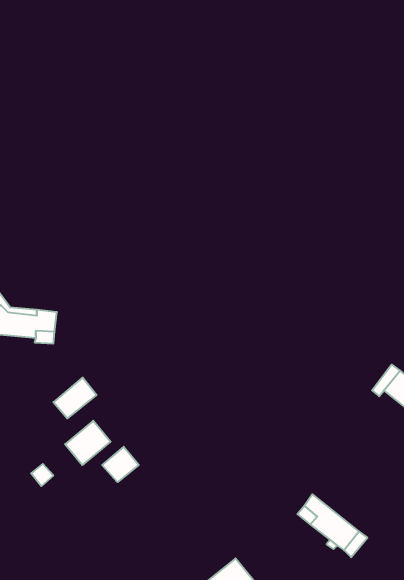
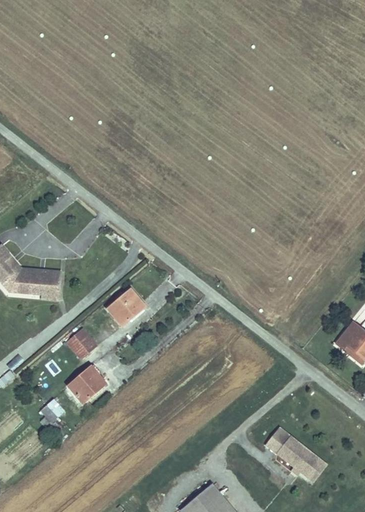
building: none -> [109,289,147,325]
building: [102,447,139,482] -> none

